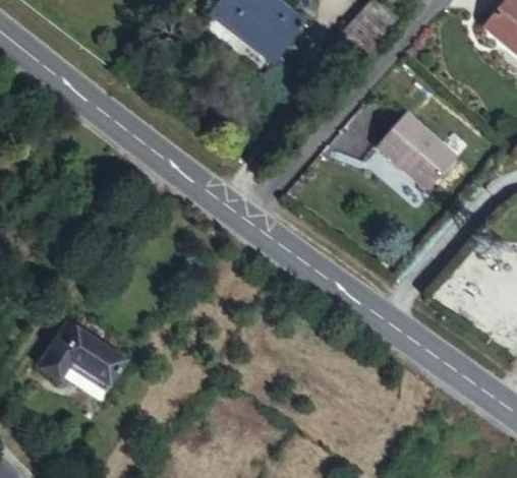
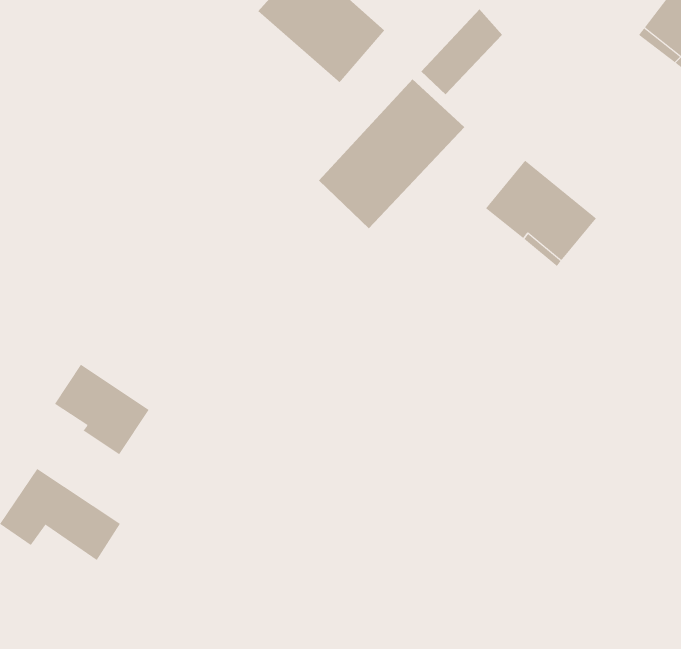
building: none -> [318,79,465,229]
building: none -> [54,364,149,455]

